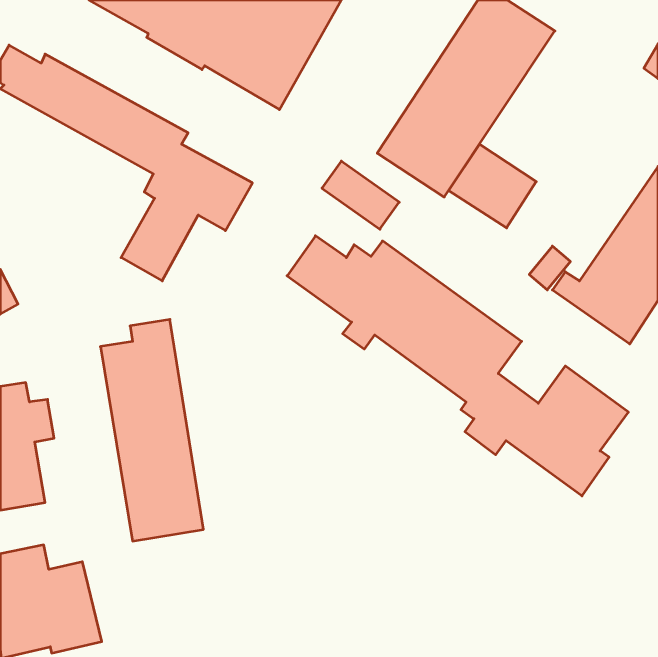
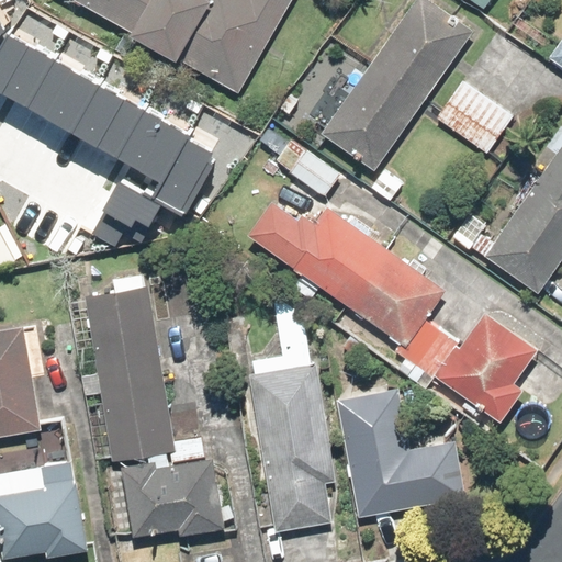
building: [449,144,536,228] -> [437,80,512,151]
building: none -> [246,293,334,532]
building: none -> [337,389,463,518]
building: none -> [121,438,233,537]

